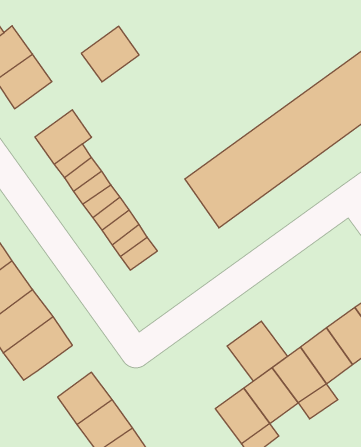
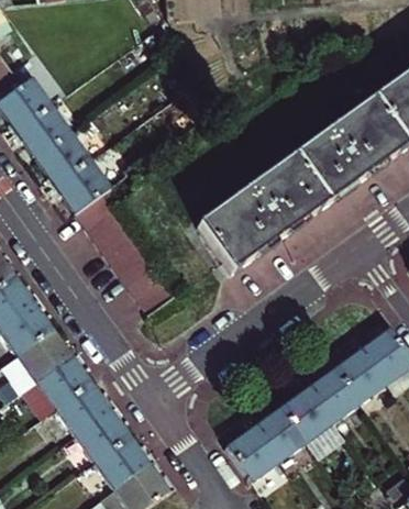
building: [81,26,139,82] -> [33,129,89,182]
building: [227,321,287,381] -> none
building: none -> [56,384,108,434]

